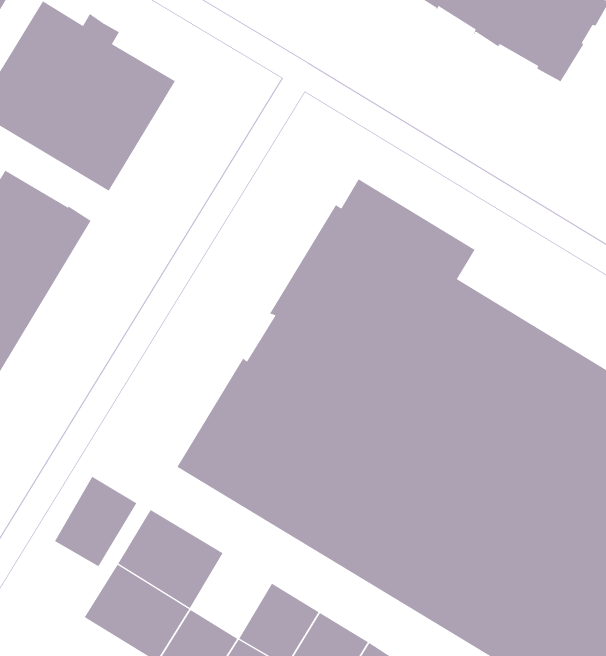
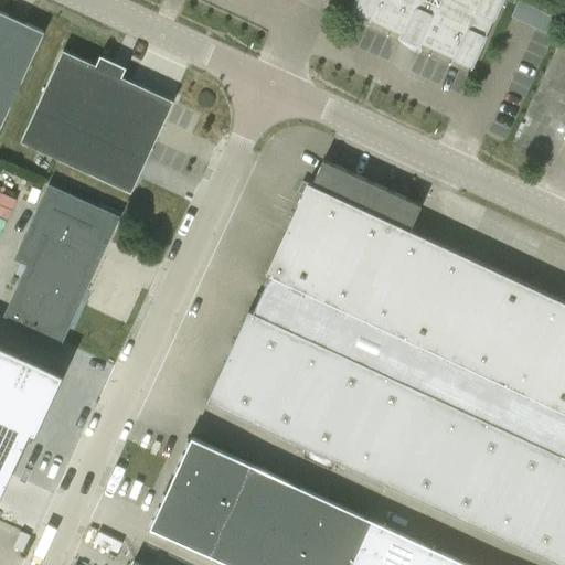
building: [54,476,137,567] -> none
building: none -> [231,465,291,530]

